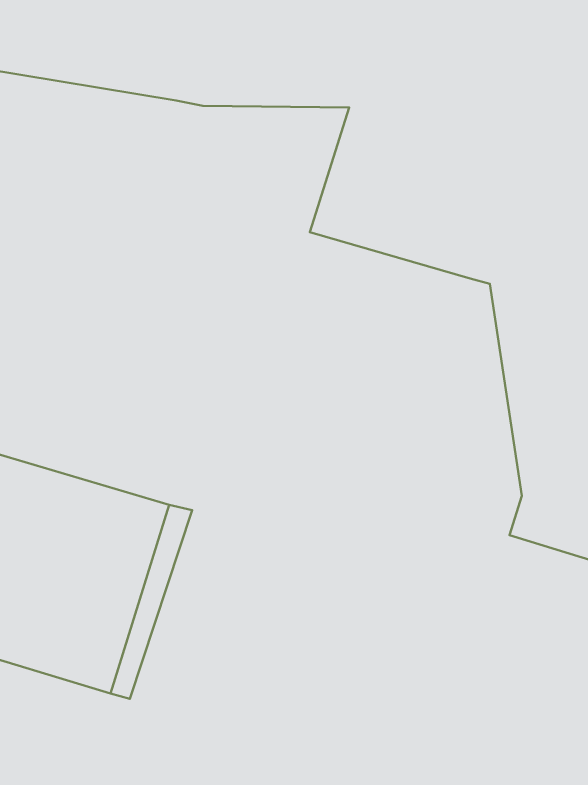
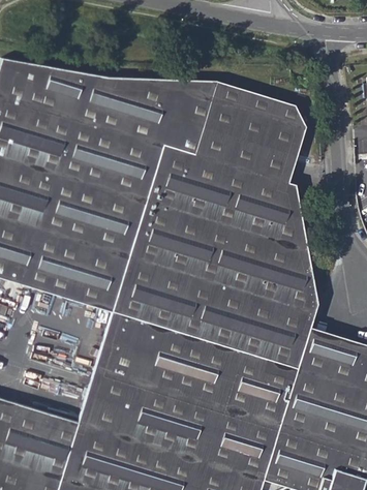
building: none -> [194,82,305,181]

